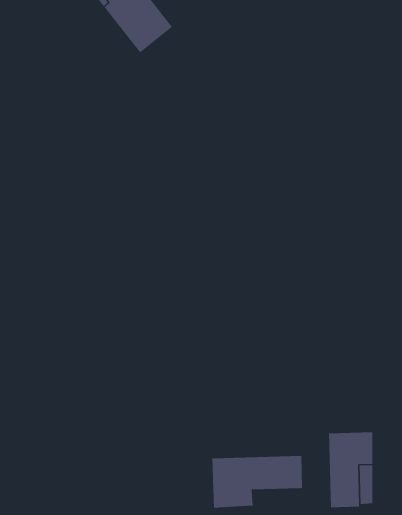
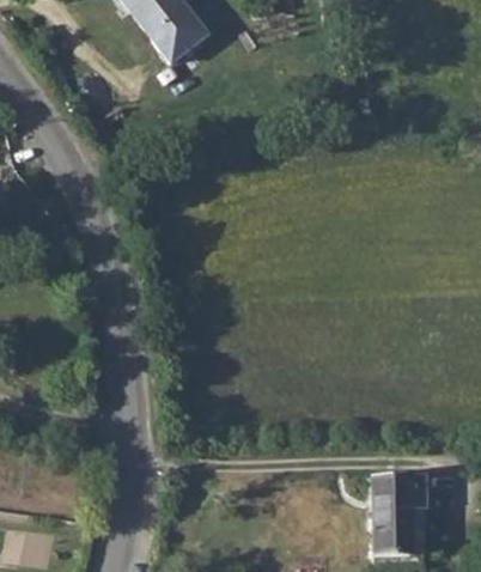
building: [212,455,303,508] -> none

